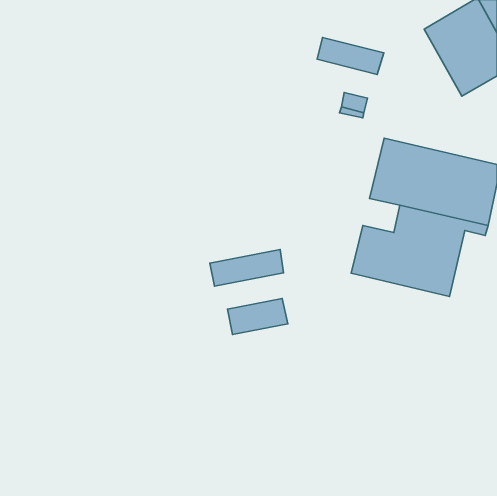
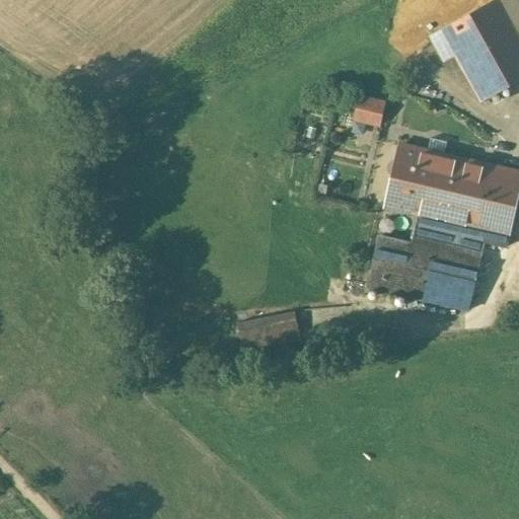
building: [317,37,384,74] -> none
building: [210,250,283,286] -> none

